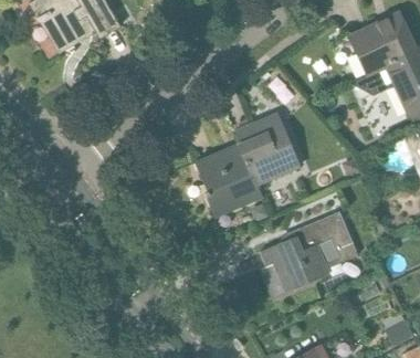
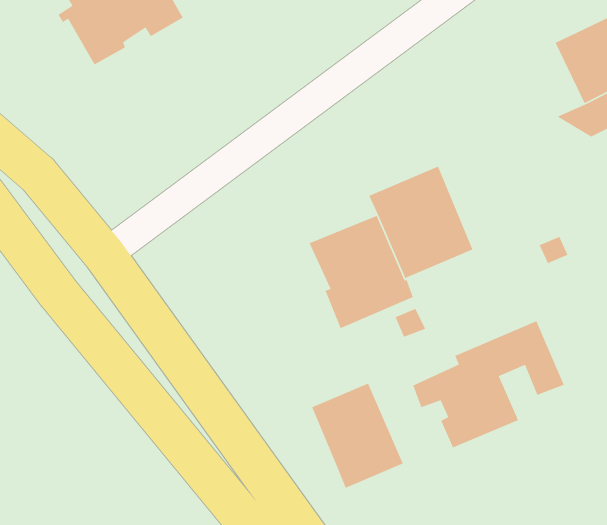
building: none -> [311,382,404,489]

